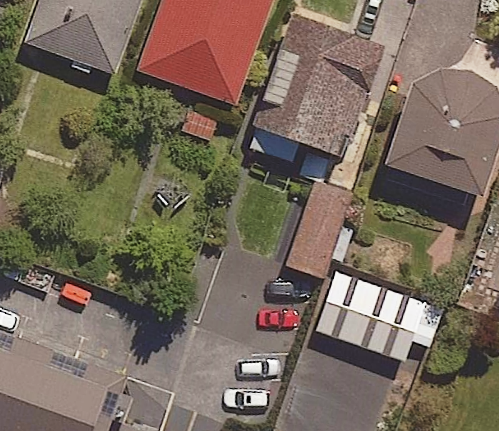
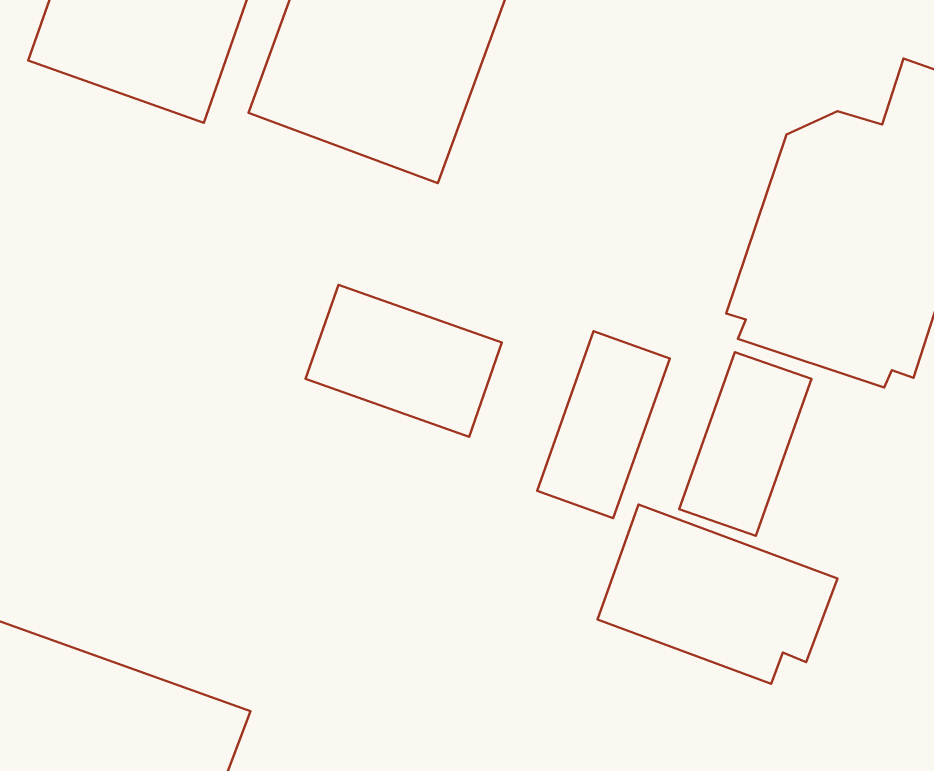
building: [245,17,381,163] -> none
building: none -> [305,285,502,437]
building: none -> [679,352,811,536]

